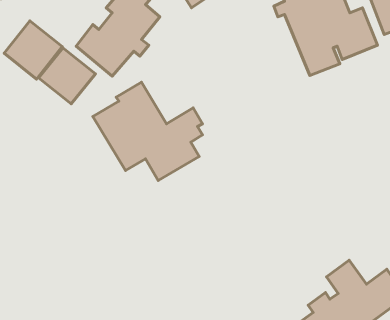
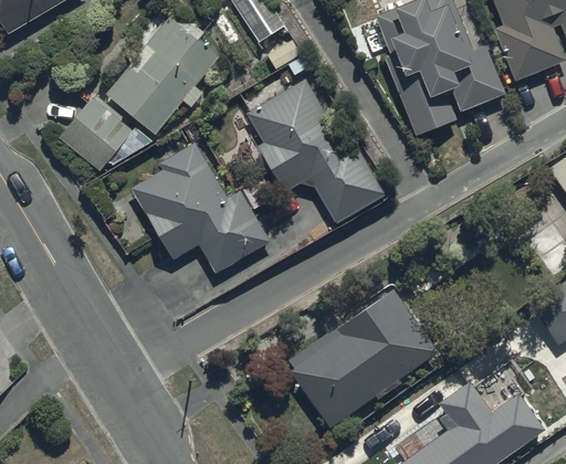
building: [4,21,62,79] -> none
building: none -> [247,80,386,224]
building: none -> [289,286,438,426]

